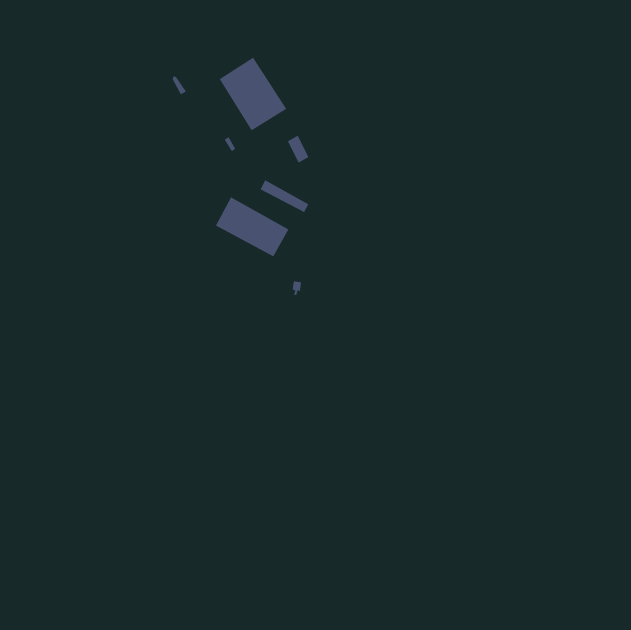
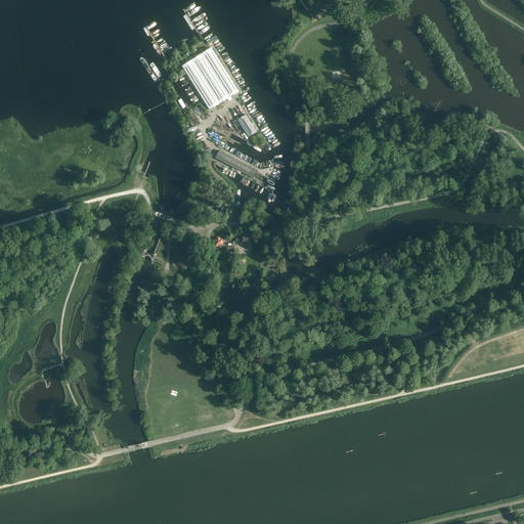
building: [215,197,289,257] -> none

